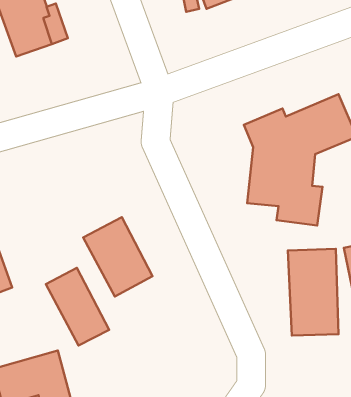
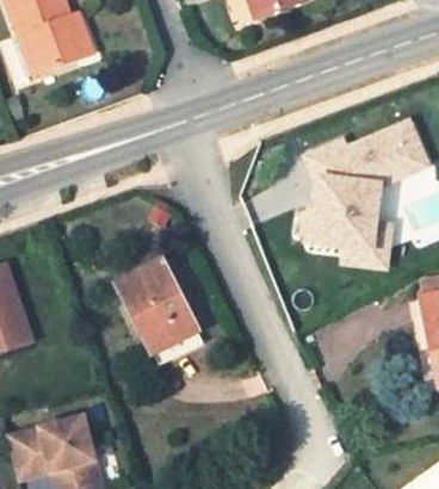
building: [288,249,339,336] -> none
building: [46,268,109,345] -> none

